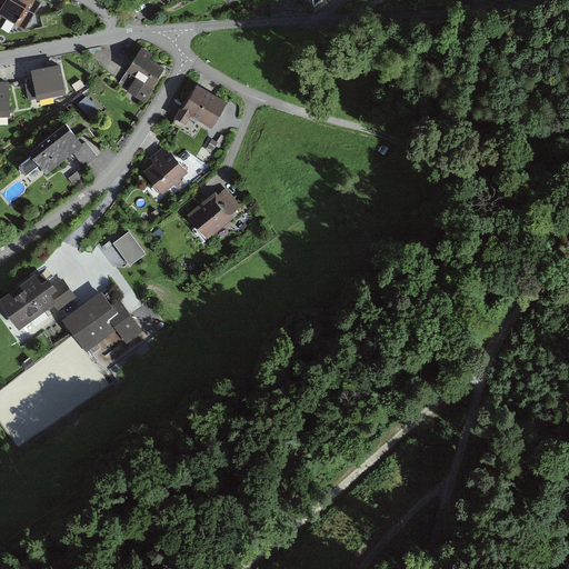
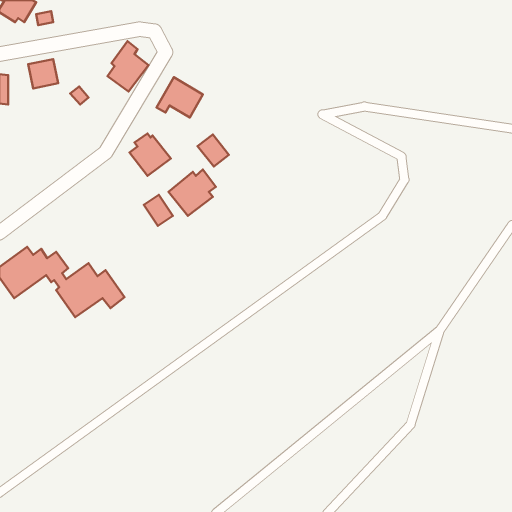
building: [19,128,98,174] -> none
building: none -> [198,134,229,167]
building: [112,231,144,266] -> [144,195,173,226]

